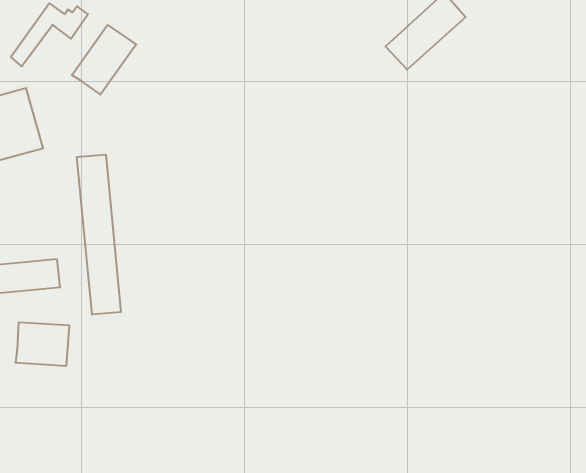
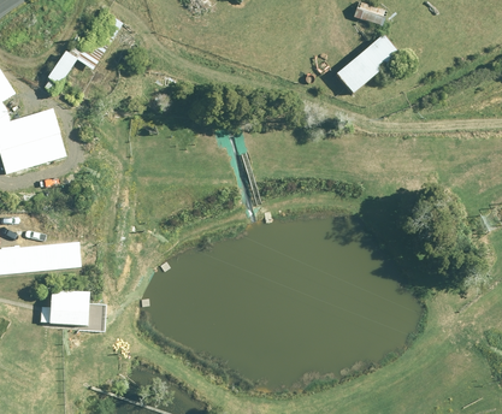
building: [72,25,136,95] -> none
building: [77,155,121,315] -> none

